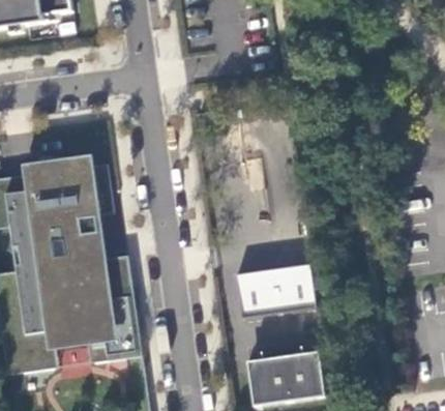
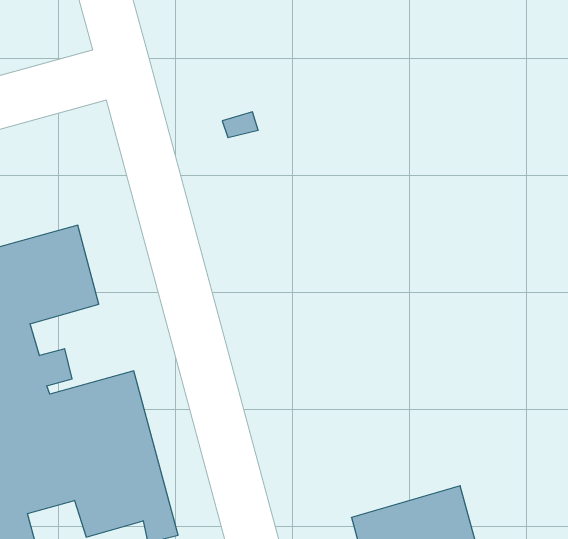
building: [234,263,314,315] -> none

